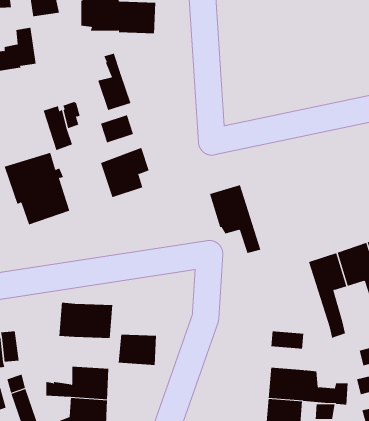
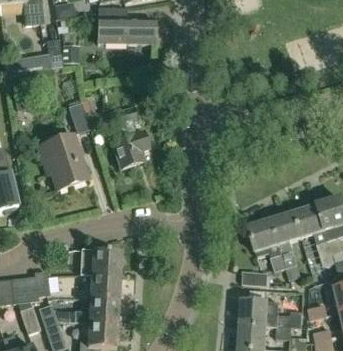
building: [97,53,131,111] -> none
building: [209,185,261,254] -> [246,218,286,271]
building: [118,334,157,366] -> [88,276,118,300]

